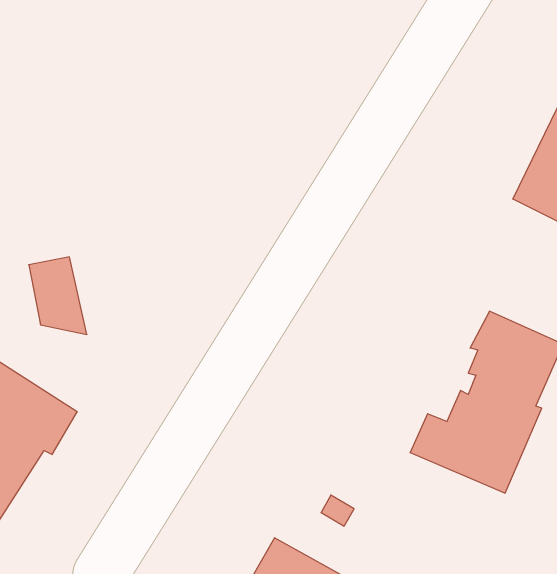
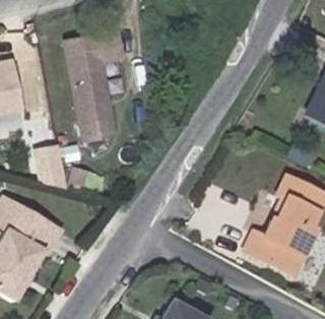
building: none -> [69,33,124,140]

